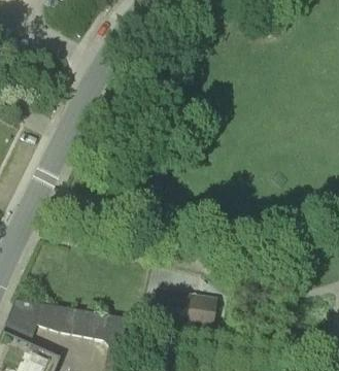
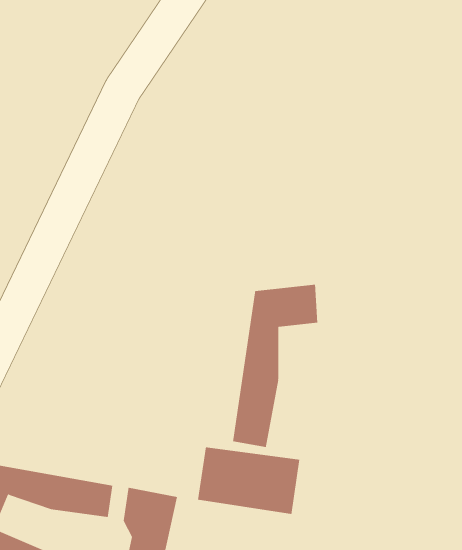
building: none -> [233,284,318,448]

